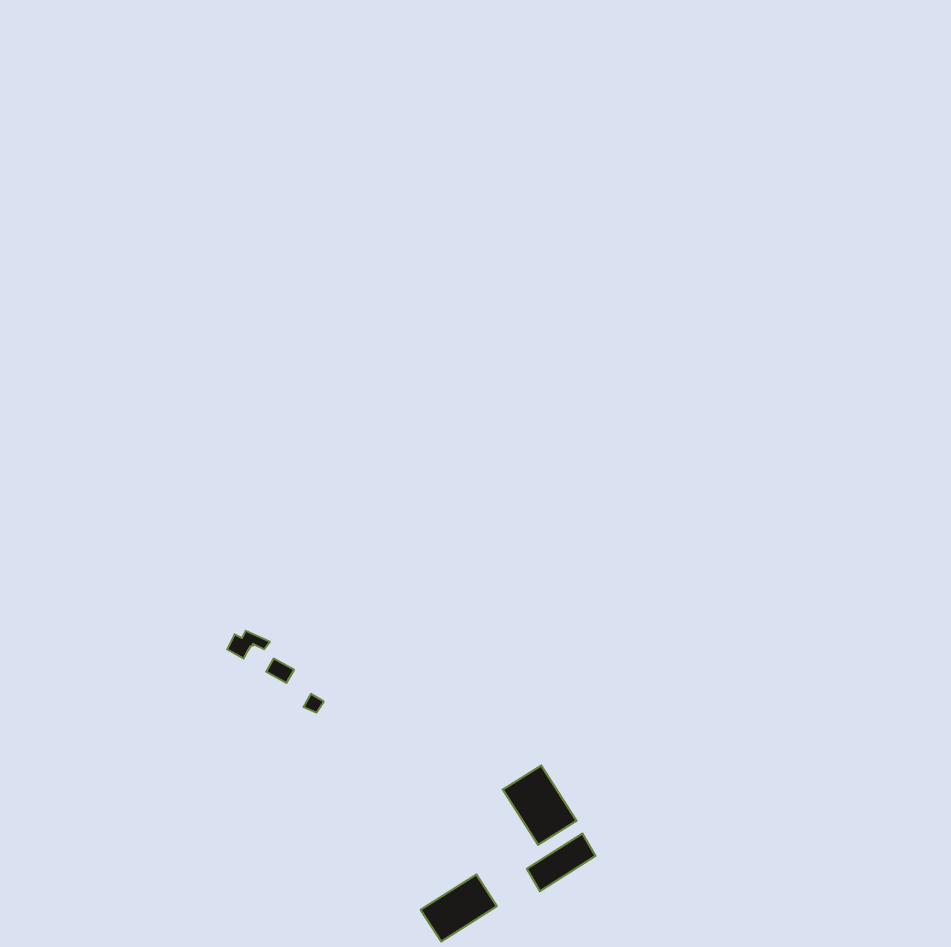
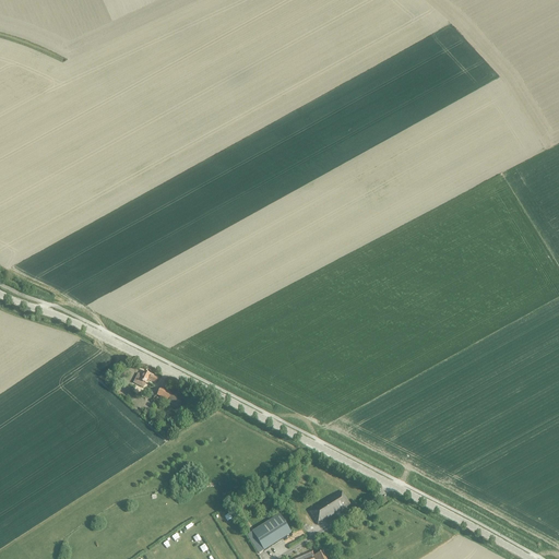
building: [503,765,577,845] -> none

